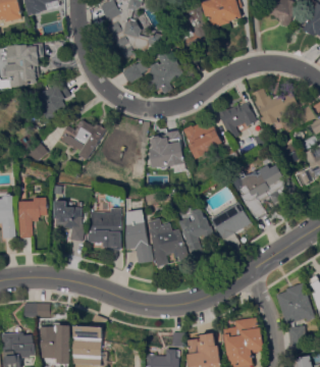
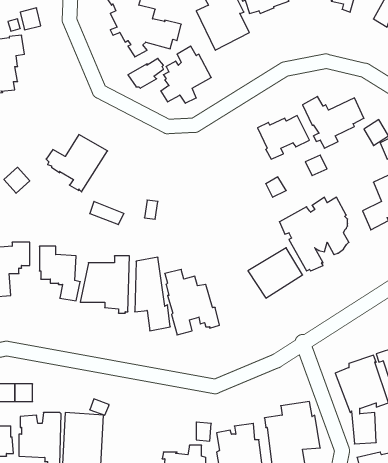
building: [35,85,67,123] -> none
building: [182,118,221,158] -> none
building: [102,130,135,157] -> none
building: [147,130,183,168] -> none
building: [178,208,216,257] -> none

